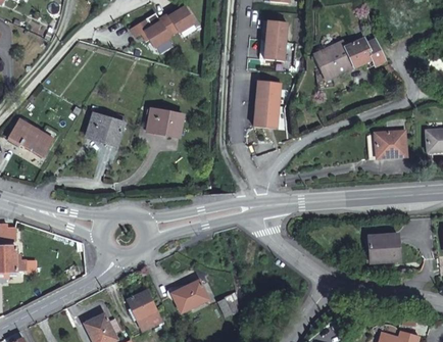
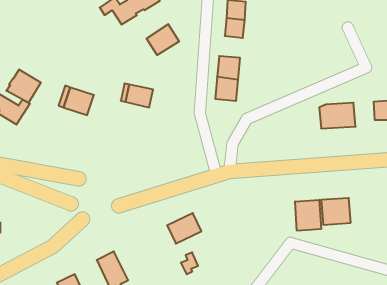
building: [312,39,386,95] -> none
building: none -> [147,24,179,55]
building: none -> [6,69,41,103]
building: none -> [295,200,321,231]
building: [171,280,208,312] -> [167,213,201,244]

